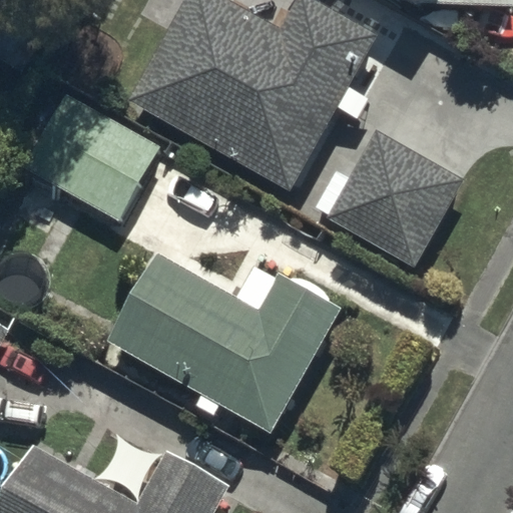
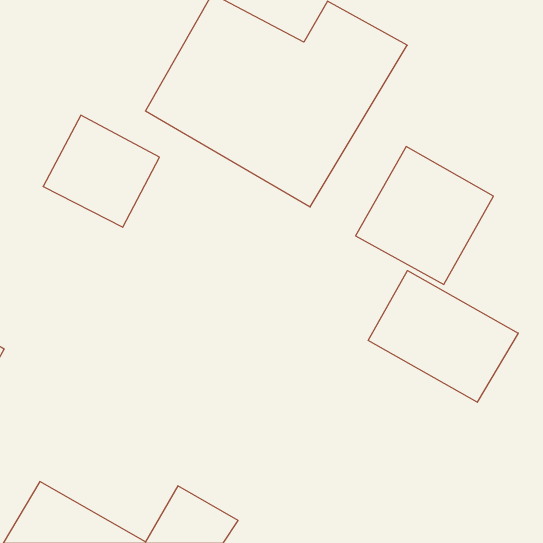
building: [109,248,327,419] -> none
building: none -> [368,271,518,402]

